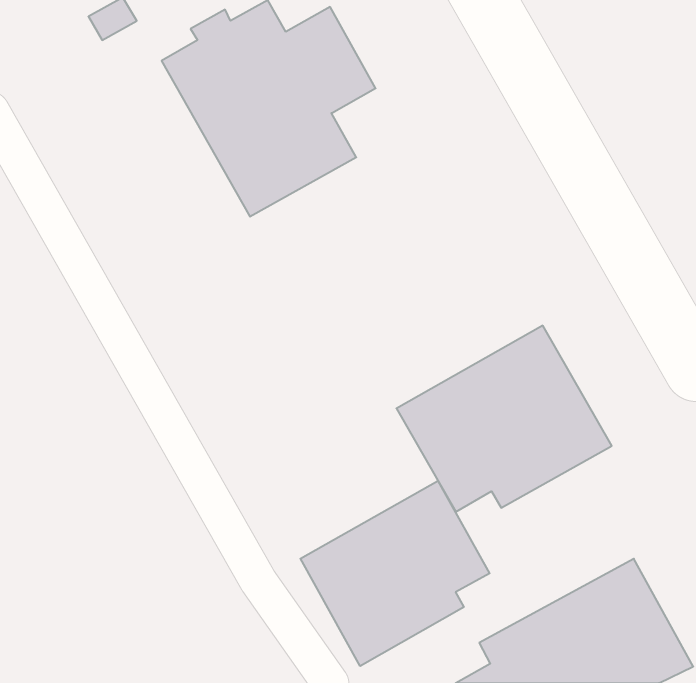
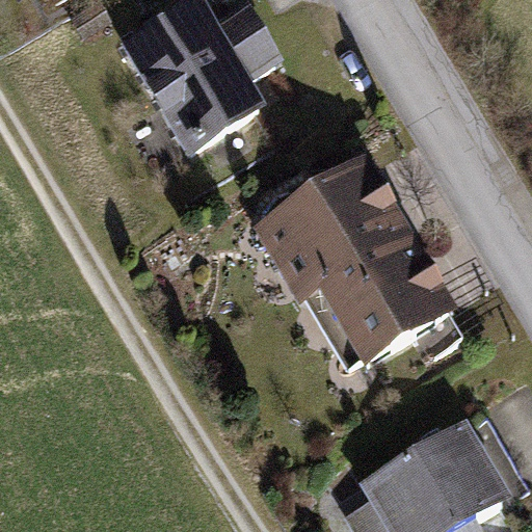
building: none -> [255,167,408,308]
building: [300,481,490,666] -> none

